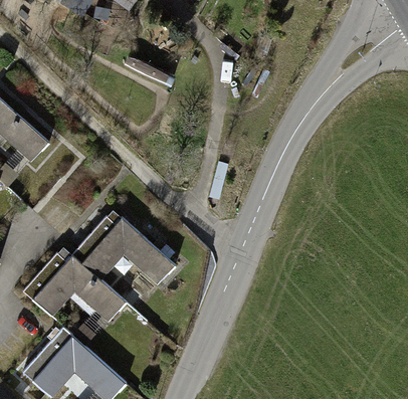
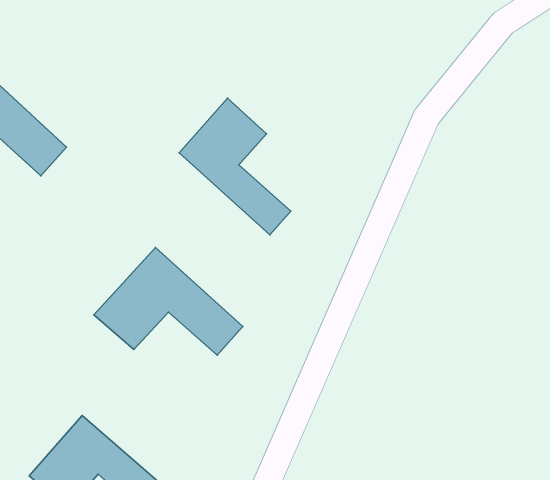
building: none -> [179,98,291,235]
building: [22,251,122,326] -> none

